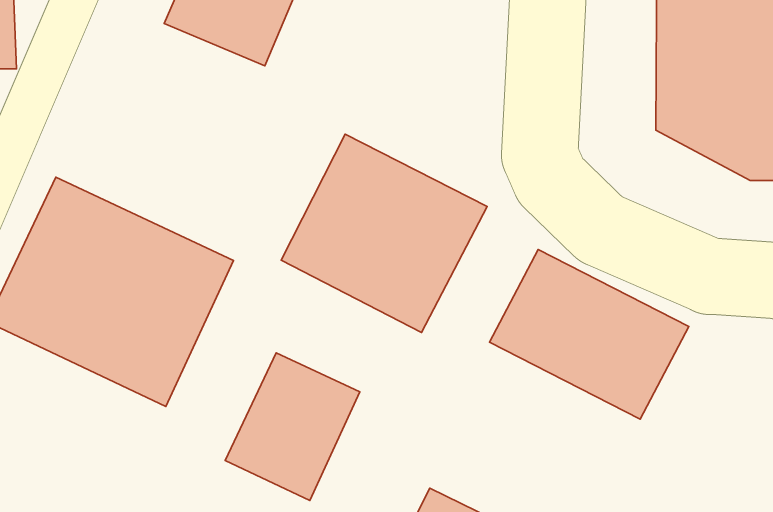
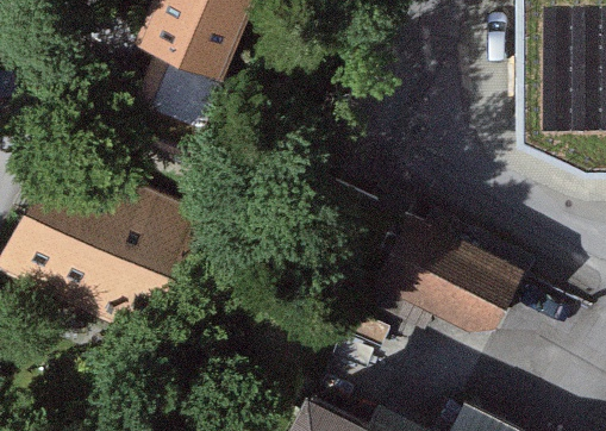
building: [281,134,487,332] -> none
building: [225,353,360,501] -> none

